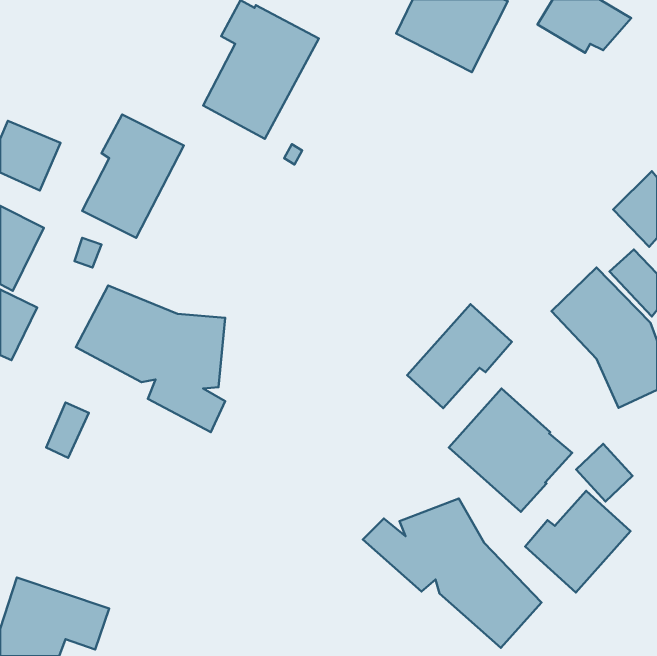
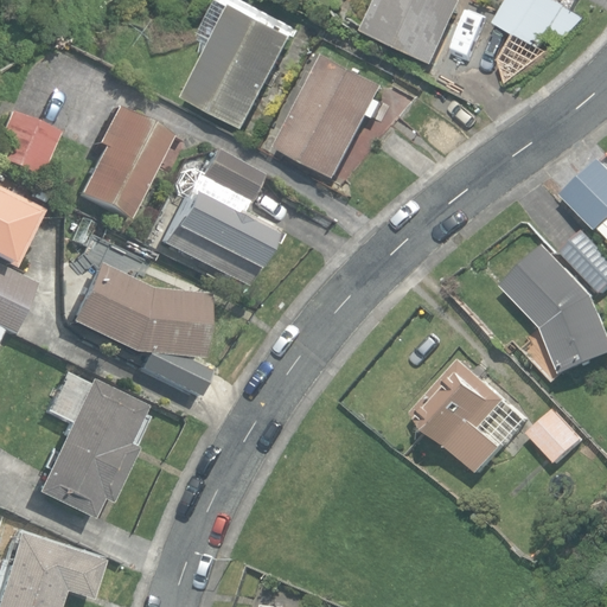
building: none -> [279,55,385,177]
building: none -> [159,149,273,287]
building: [407,304,512,408] -> none
building: none -> [34,382,145,520]
building: [525,491,630,592] -> none
building: [363,499,541,648] -> none

